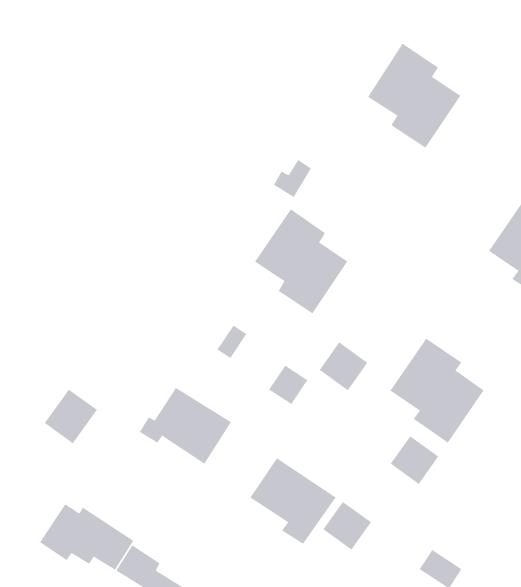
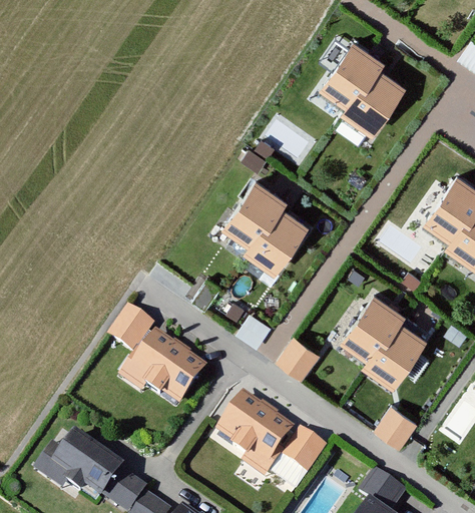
building: [319,342,368,391] -> [279,340,321,382]
building: [44,389,98,444] -> [106,308,152,355]
building: [390,435,439,485] -> [377,406,419,448]

